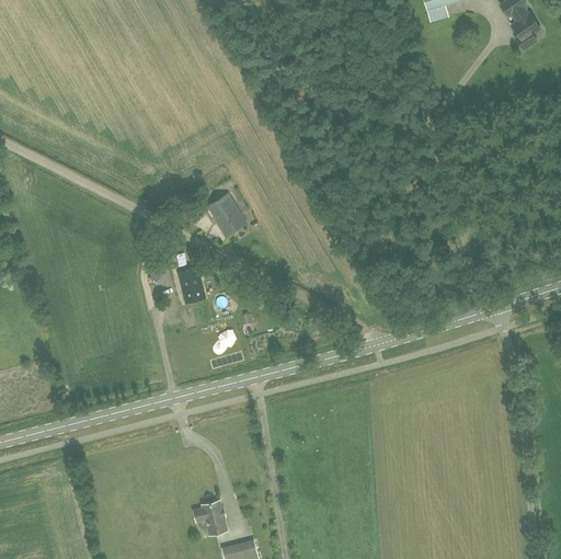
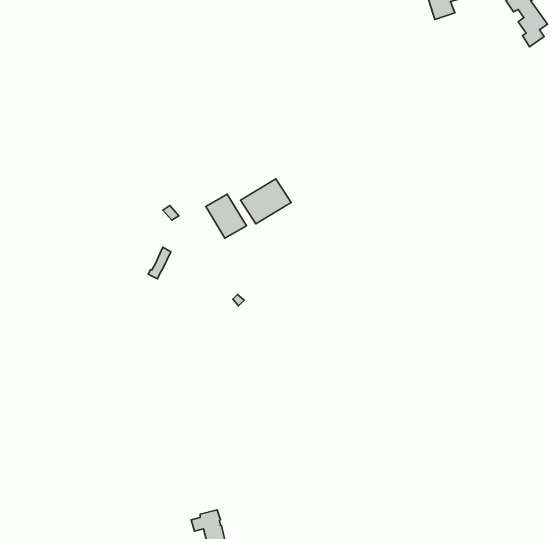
building: none -> [241,179,291,224]
building: [178,267,205,303] -> none

